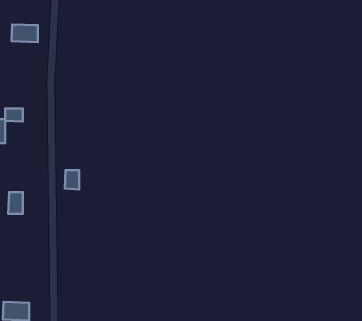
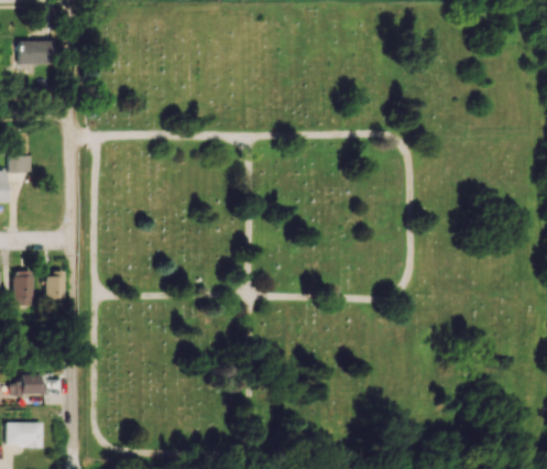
building: [65,170,79,189] -> [45,273,65,299]
building: none -> [18,374,44,395]

